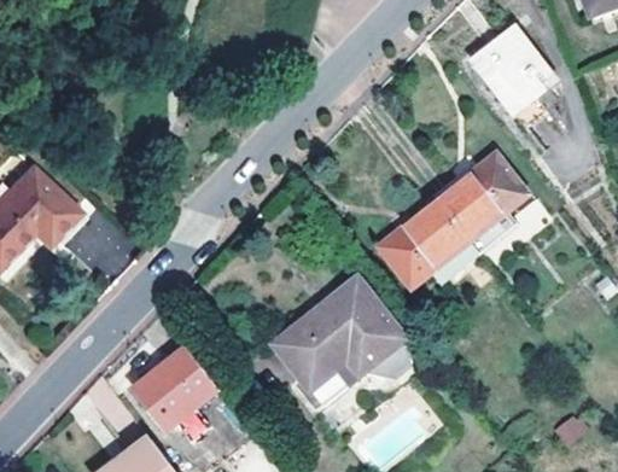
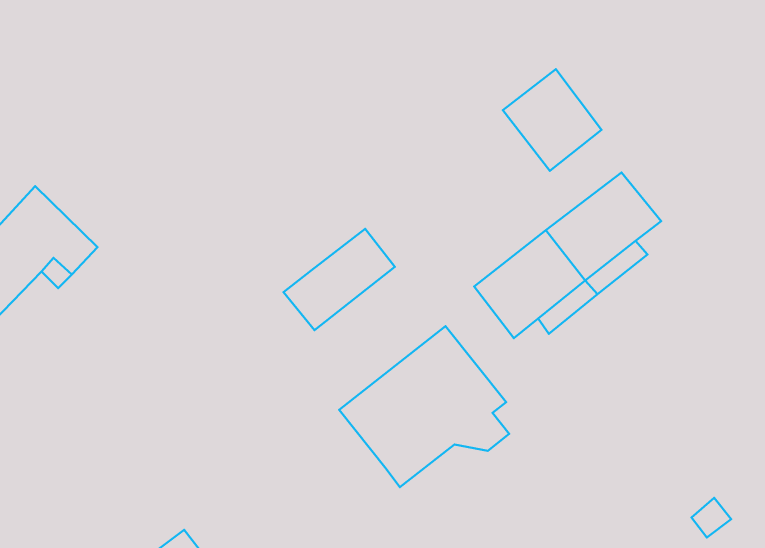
building: [473,28,552,109] -> [503,69,602,171]
building: none -> [283,229,395,330]
building: [130,348,217,432] -> none

